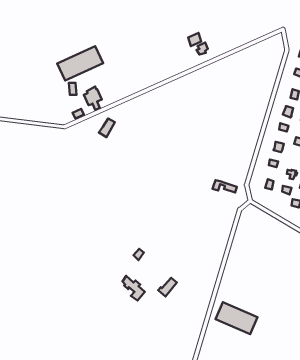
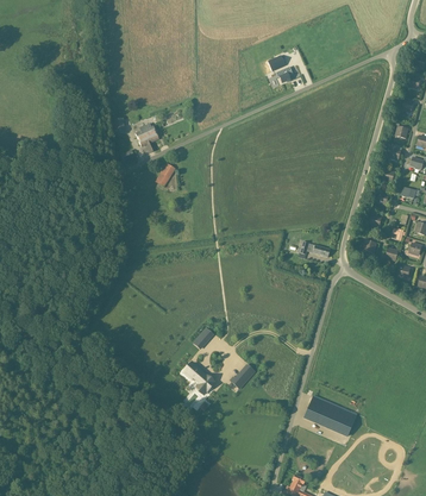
building: [57,46,103,81] -> none

